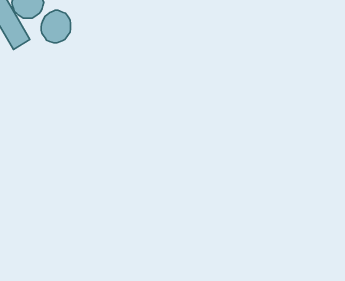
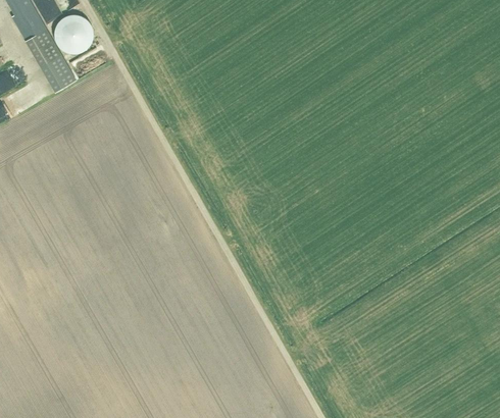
building: [41,10,71,43] -> none

